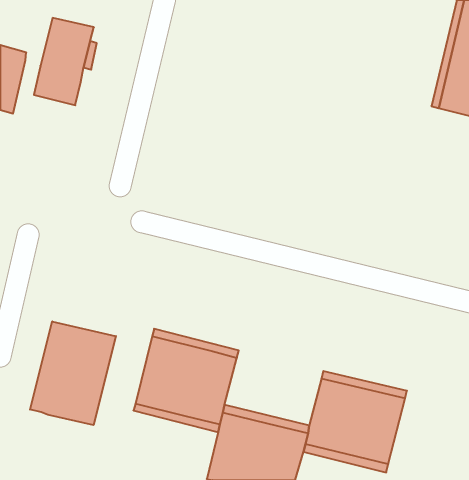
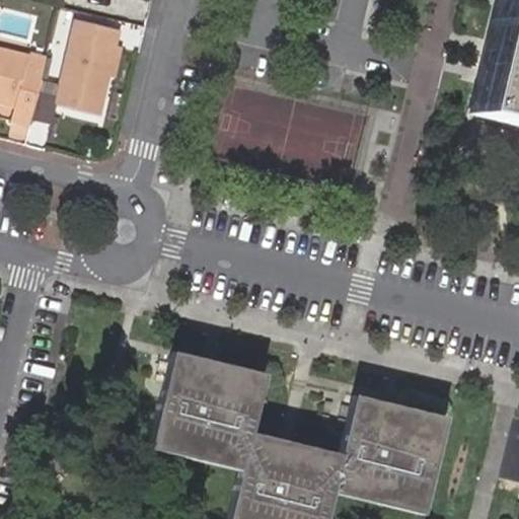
building: [30,321,116,425] -> none

